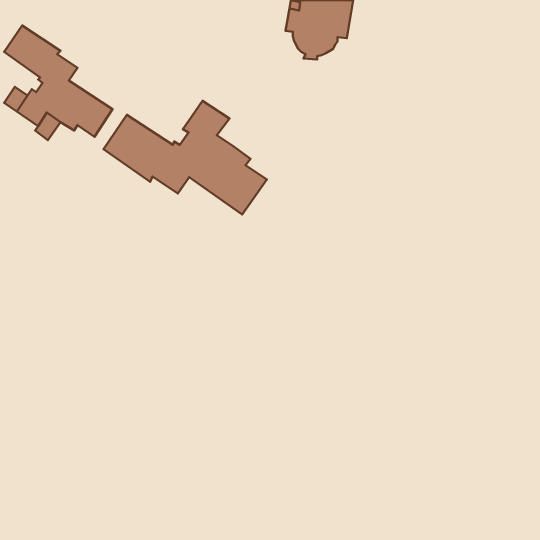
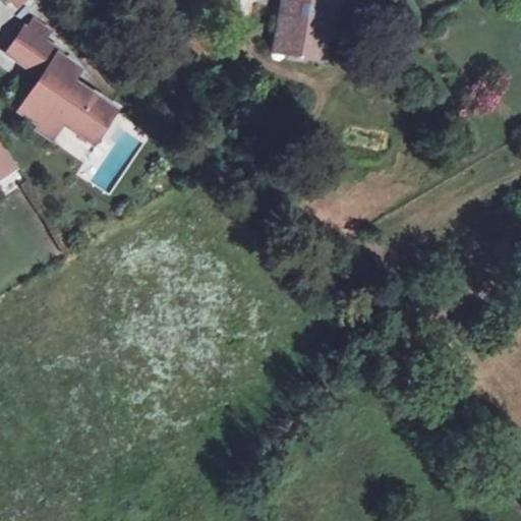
building: [103,101,267,214] -> none

